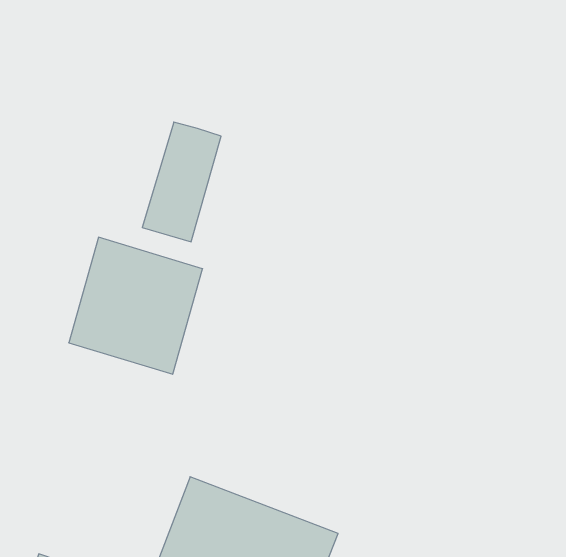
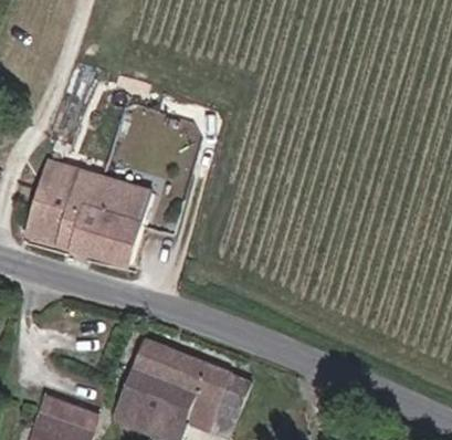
building: [142,122,221,242] -> [24,164,80,248]

